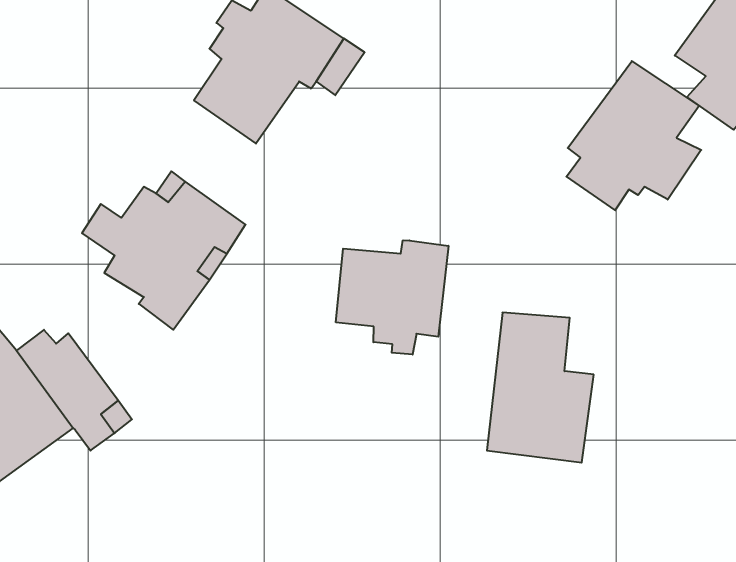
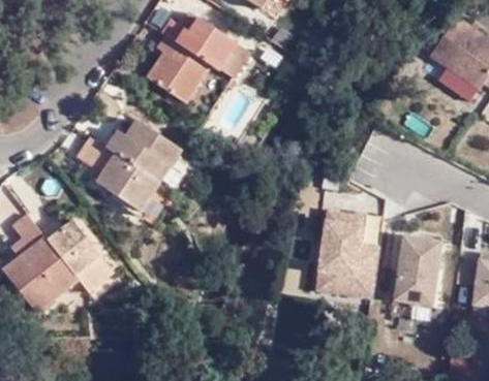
building: [566,61,701,210] -> none
building: [336,240,448,355] -> none
building: none -> [395,234,448,309]

